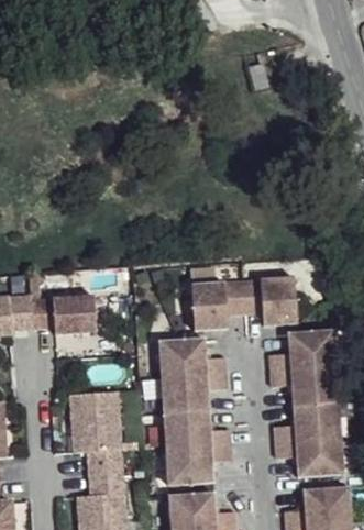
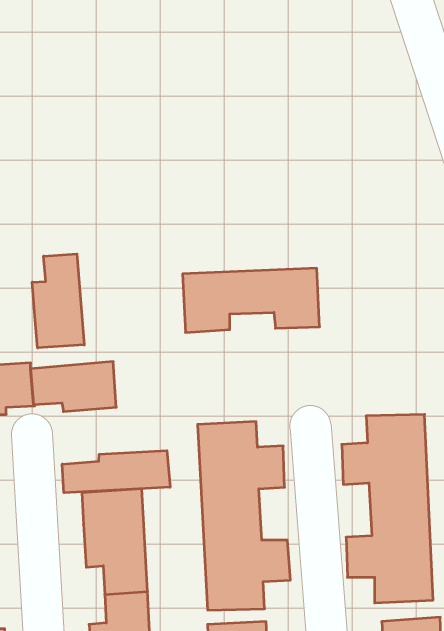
building: none -> [32,254,84,348]
building: [194,280,299,330] -> [183,268,320,332]
building: none -> [62,451,170,493]

